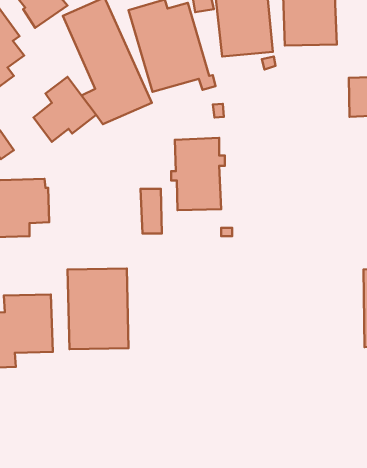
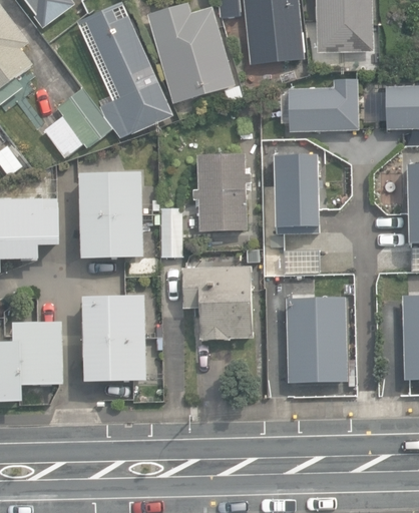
building: none -> [280,79,359,131]
building: none -> [274,154,320,234]
building: none -> [79,173,142,259]
building: none -> [183,266,253,338]
building: none -> [286,296,347,383]

